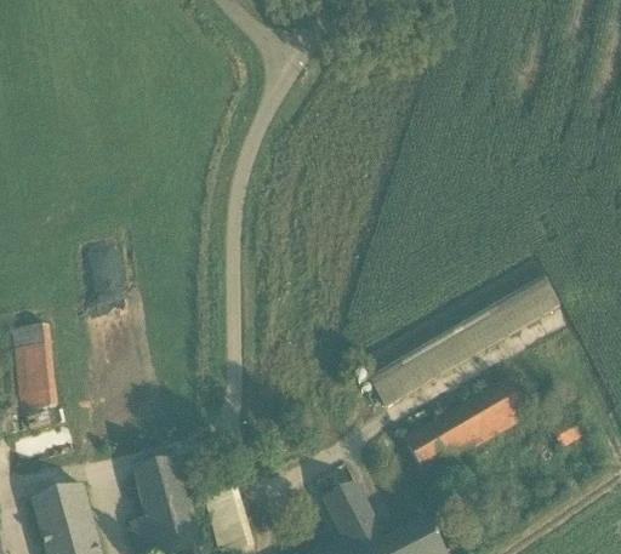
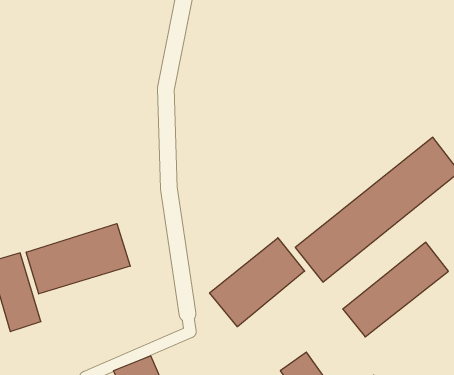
building: none -> [26,224,130,294]
building: none -> [210,238,305,327]

